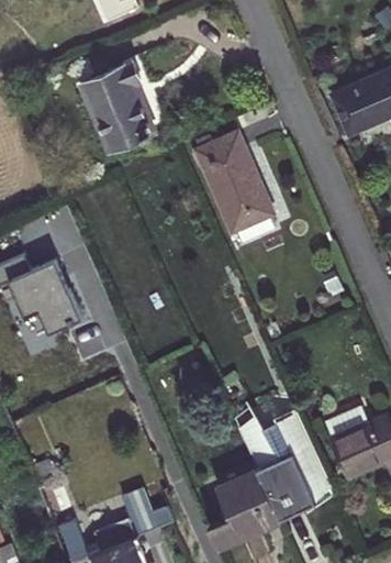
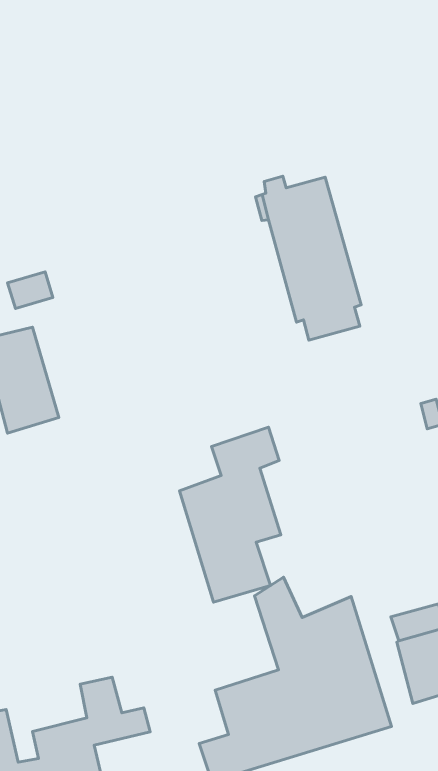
building: [82,60,154,151] -> none
building: none -> [180,427,281,602]

